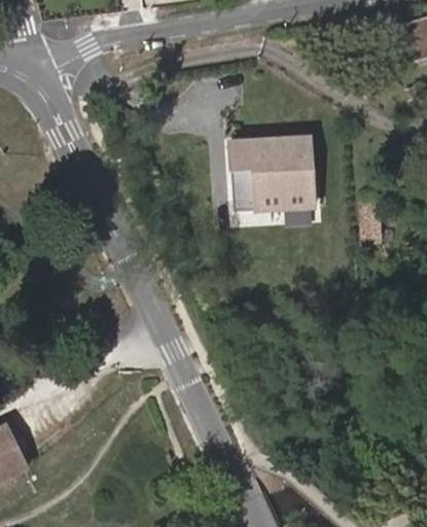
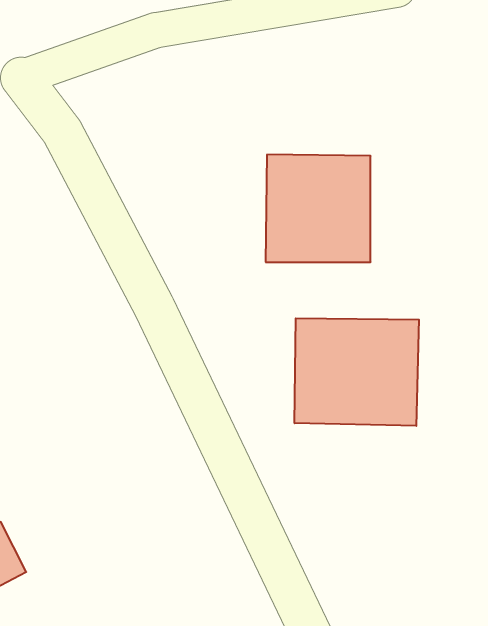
building: none -> [295,318,419,426]

